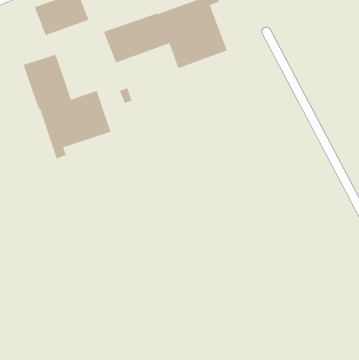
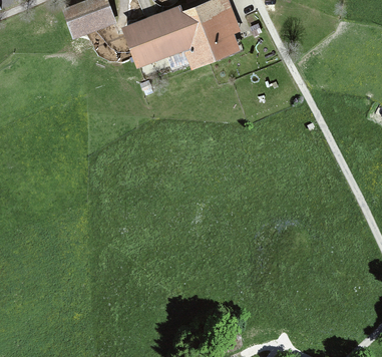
building: [23,54,111,159] -> none

